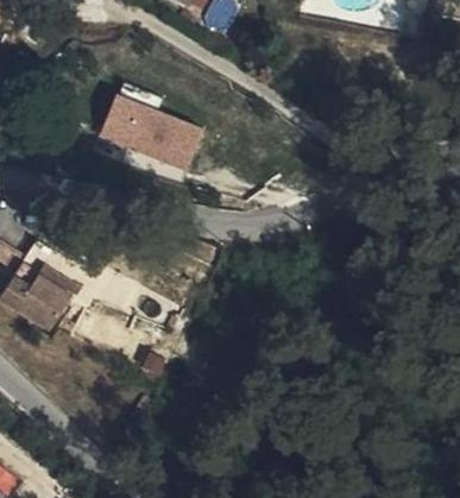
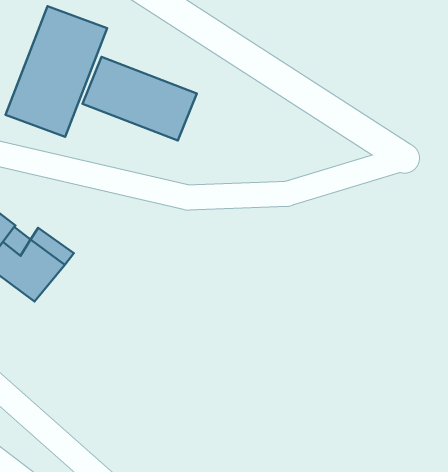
building: none -> [5,6,107,137]

